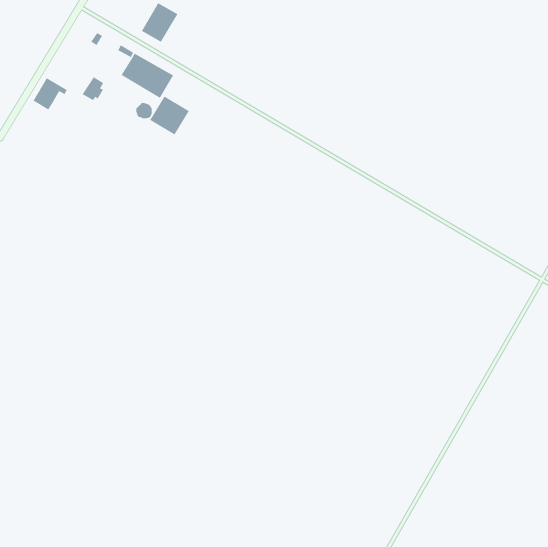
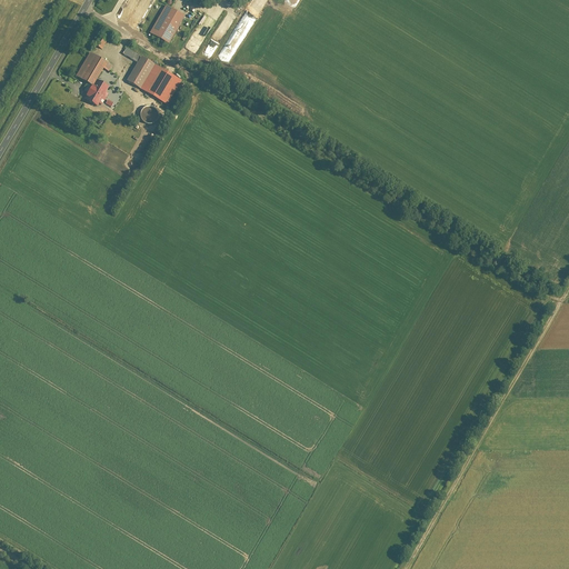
building: [32,77,68,110] -> [77,51,113,86]
building: [149,95,190,135] -> none

